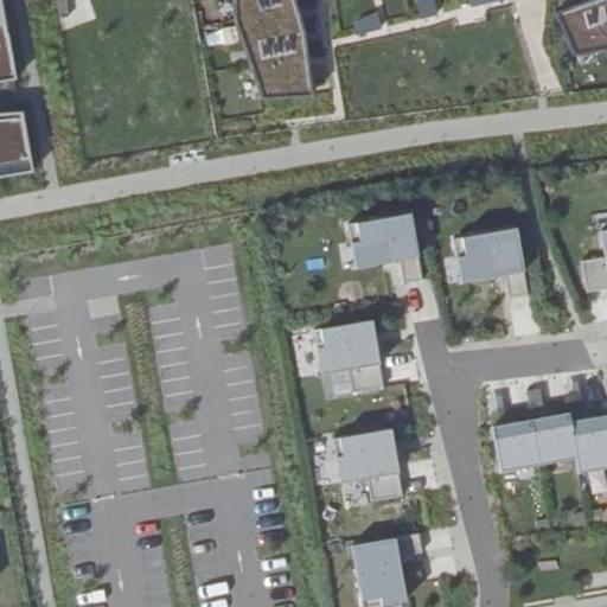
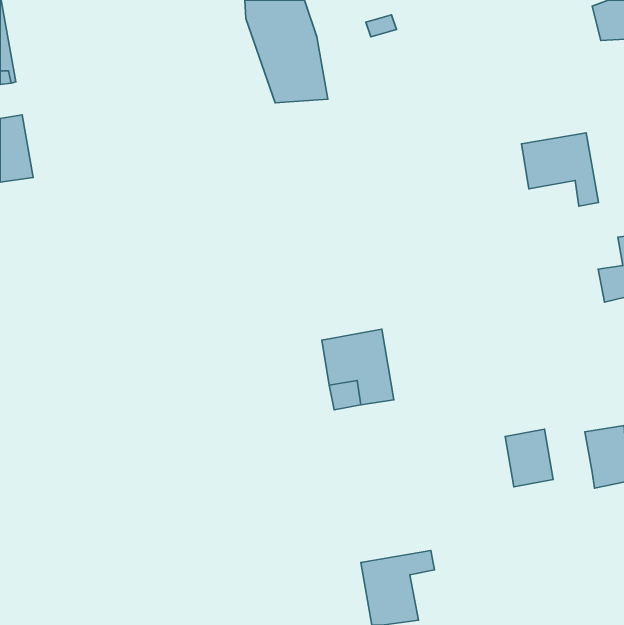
building: [346,212,421,283] -> none
building: [451,229,525,300] -> [521,133,598,206]
building: [529,409,575,465] -> none
building: [332,429,402,503] -> none

